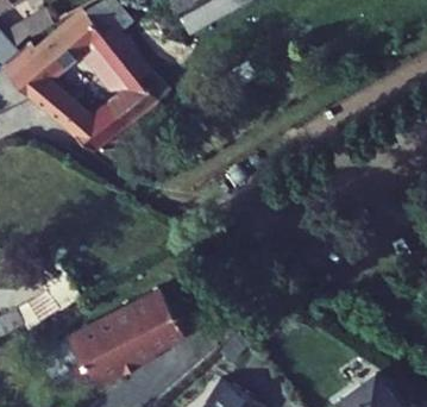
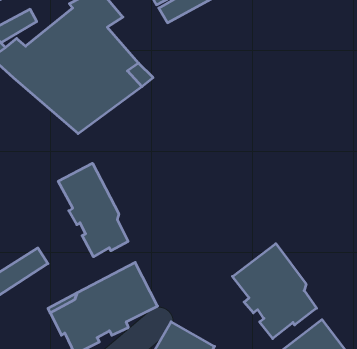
building: none -> [58,163,128,257]
building: none -> [232,244,317,339]

